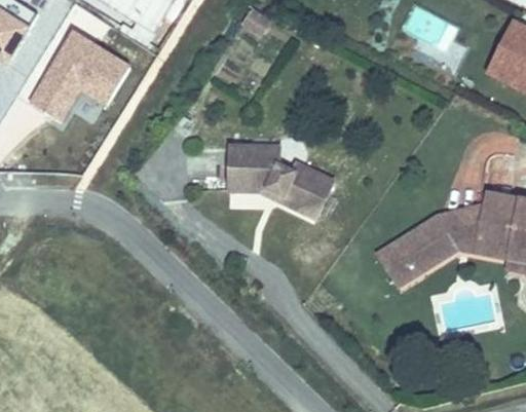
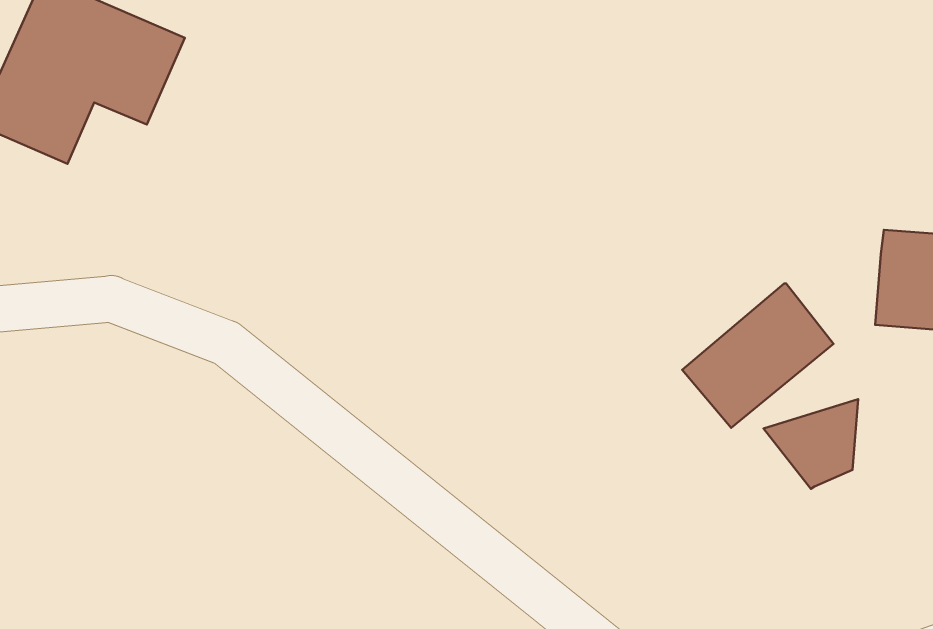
building: [224,153,333,221] -> none
building: [433,207,483,250] -> [764,399,858,489]

